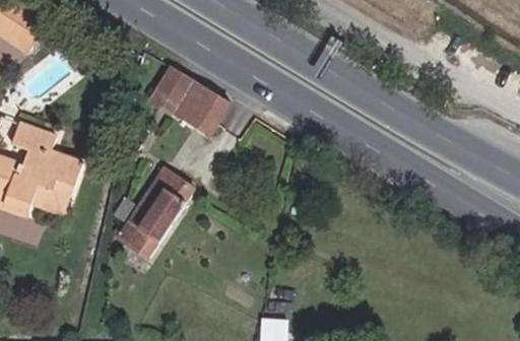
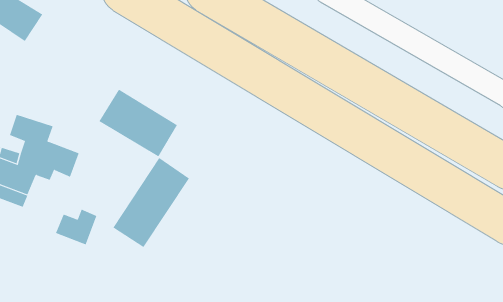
building: [150,66,231,135] -> [99,89,178,157]
building: [31,180,74,216] -> [55,209,97,245]

